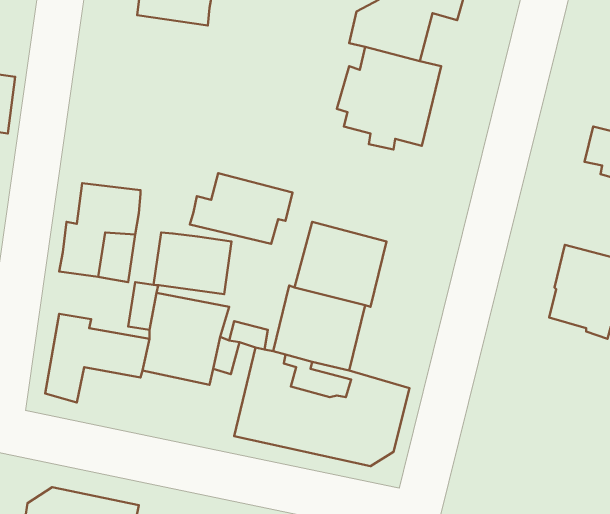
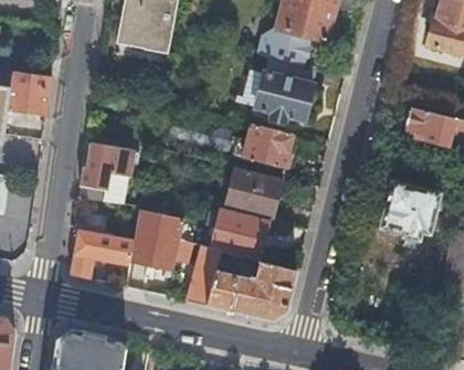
building: [190,173,292,244] -> [234,124,298,168]
building: [154,232,232,294] -> none

